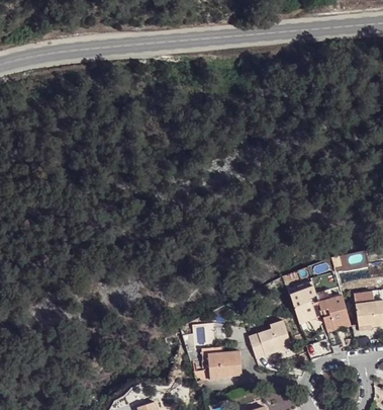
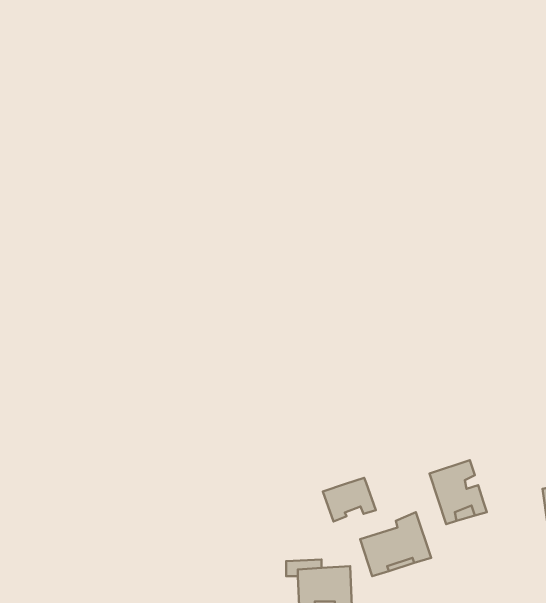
building: [317,294,351,334] -> none
building: none -> [323,478,376,521]

